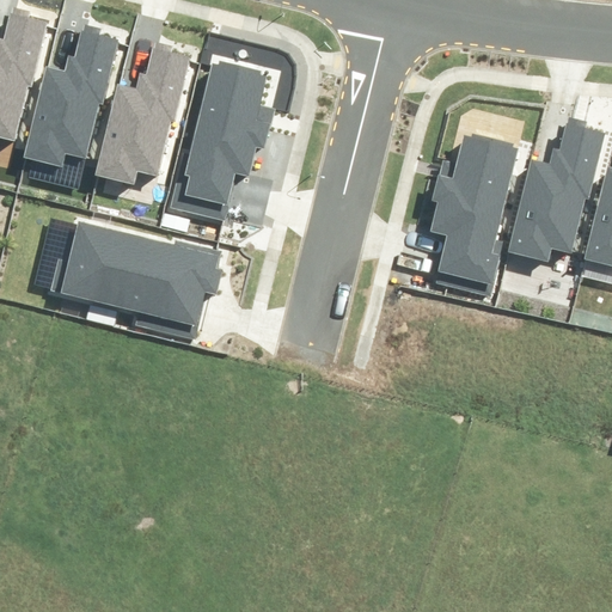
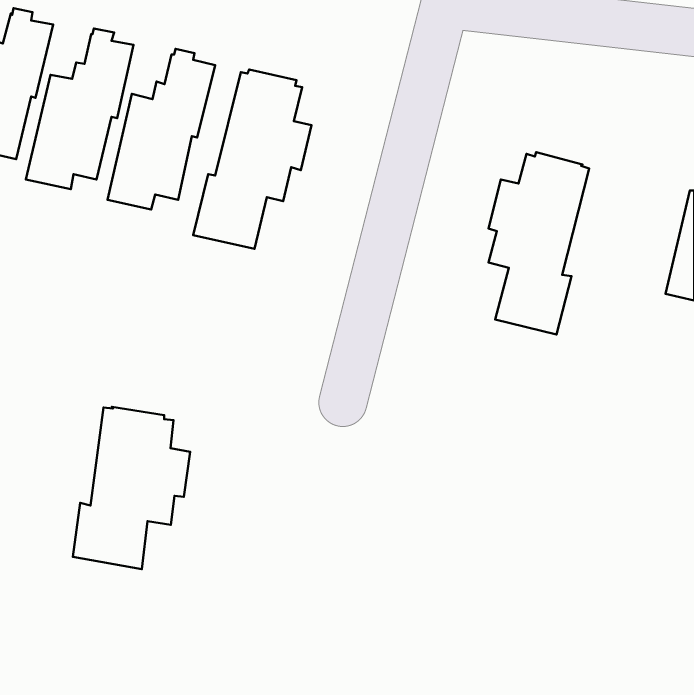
building: [508,117,604,261] -> none
building: [50,222,222,338] -> none
building: none -> [73,407,190,569]

